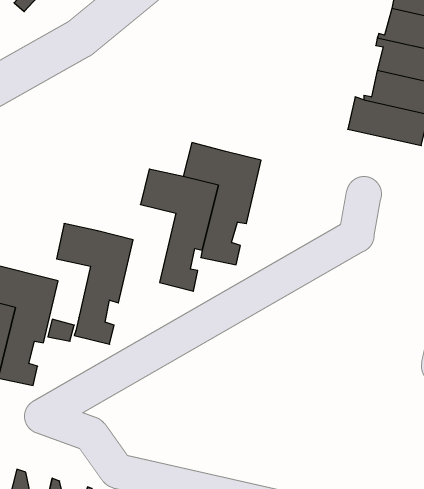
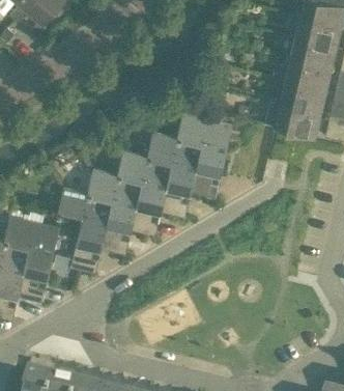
building: none -> [178,112,233,198]
building: none -> [88,169,143,254]

